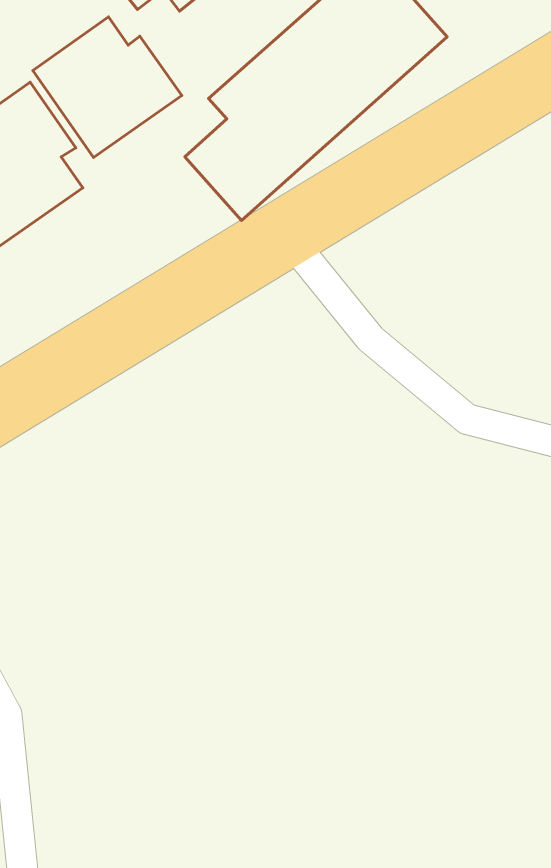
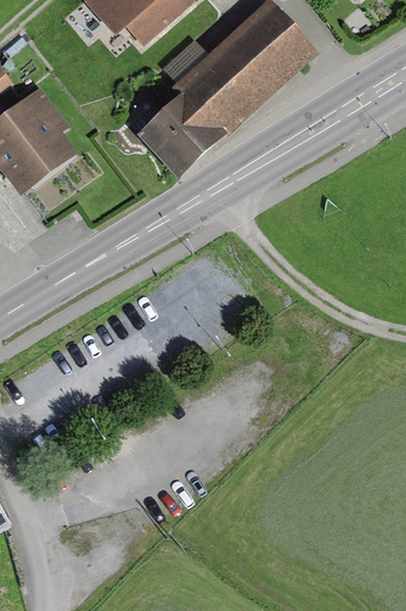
building: [33,17,182,158] -> none

